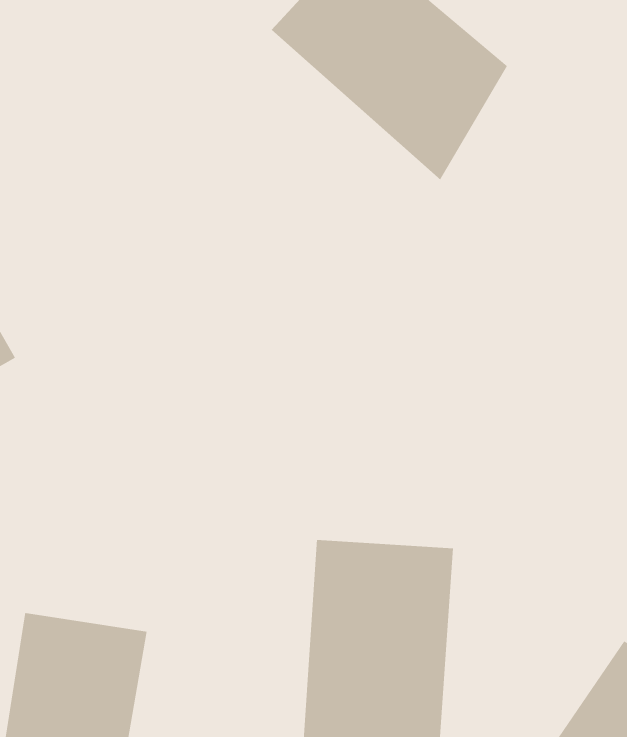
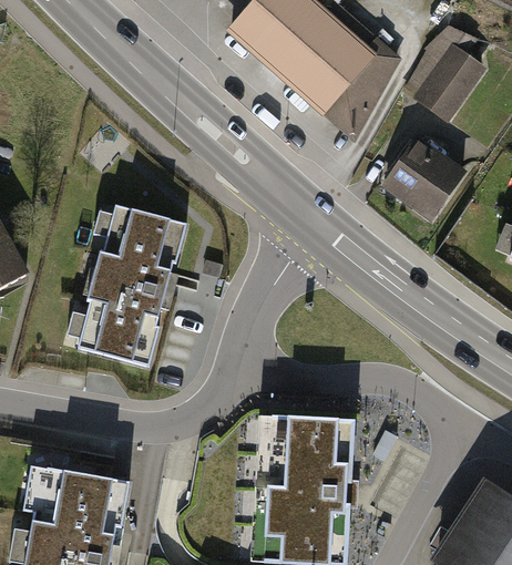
building: none -> [401,25,487,120]
building: none -> [377,134,467,223]
building: none -> [72,207,195,357]

